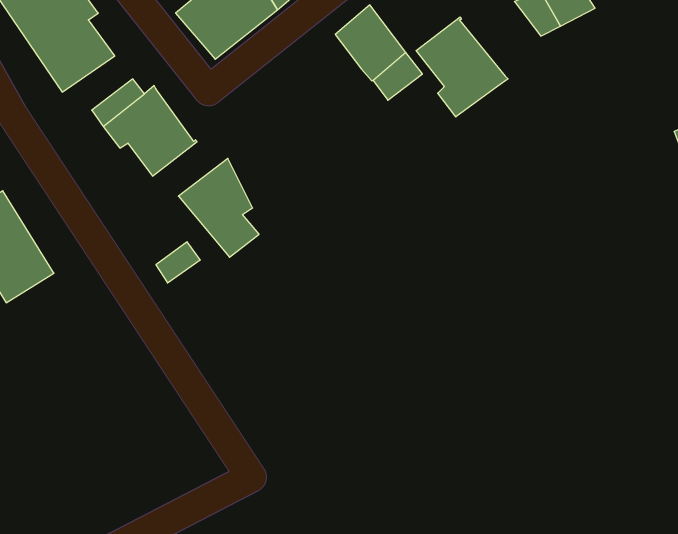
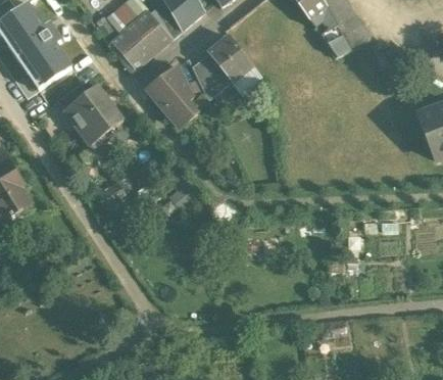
building: [416,17,508,117] -> none
building: none -> [191,53,225,91]
building: [178,158,259,257] -> [147,66,197,128]

